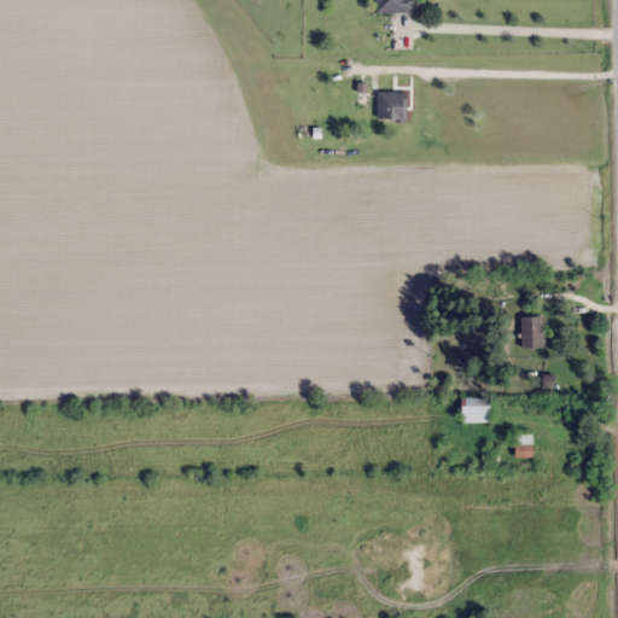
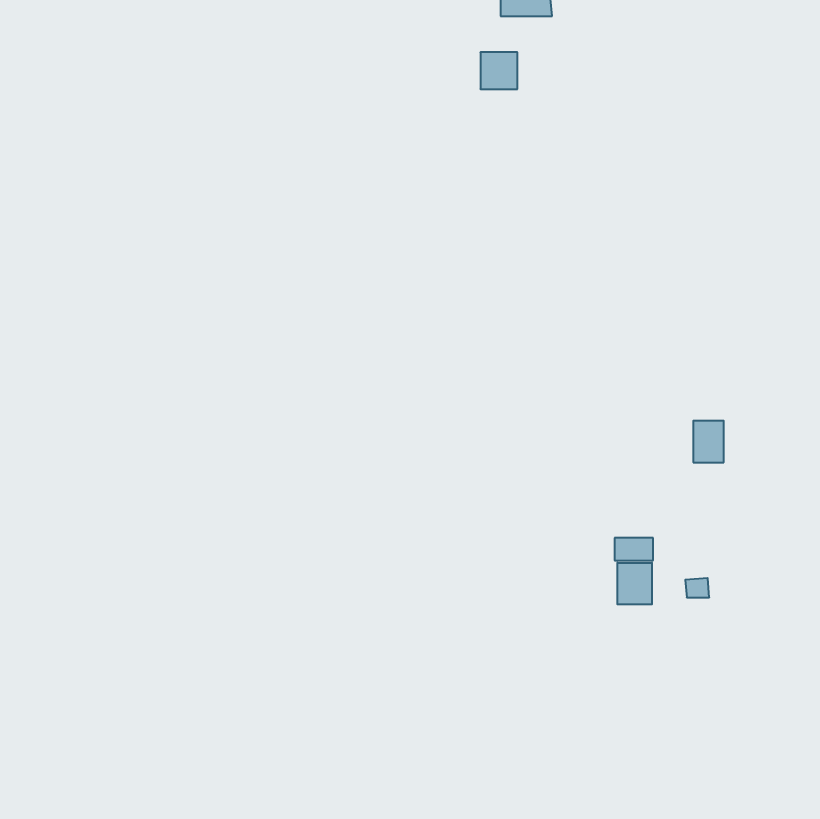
building: [379,92,407,119] -> [480,52,517,89]
building: none -> [617,563,652,604]

